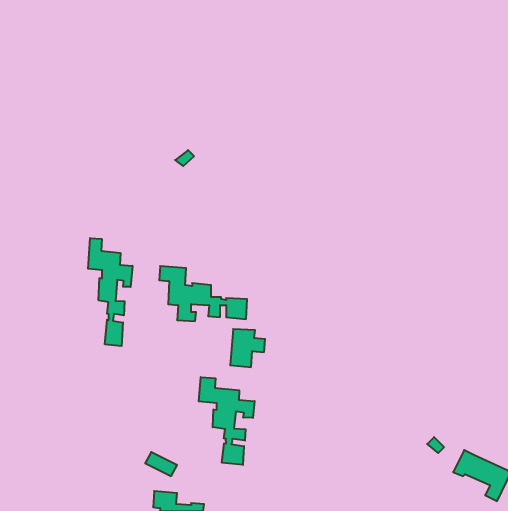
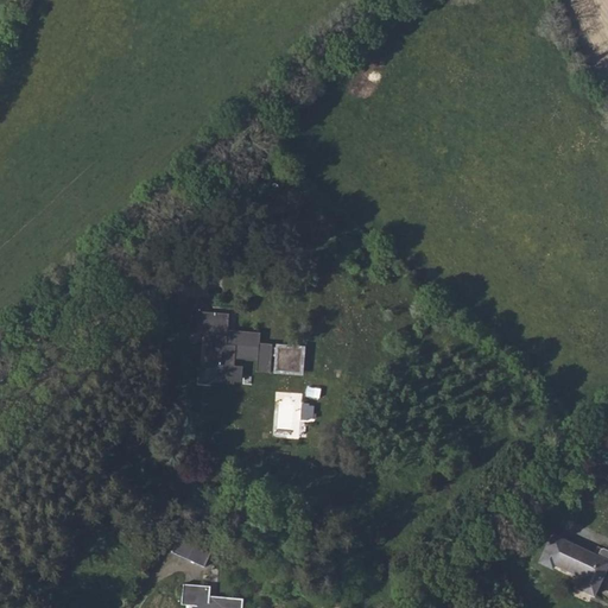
building: [88,238,132,346] -> none
building: [199,377,255,465] -> none

